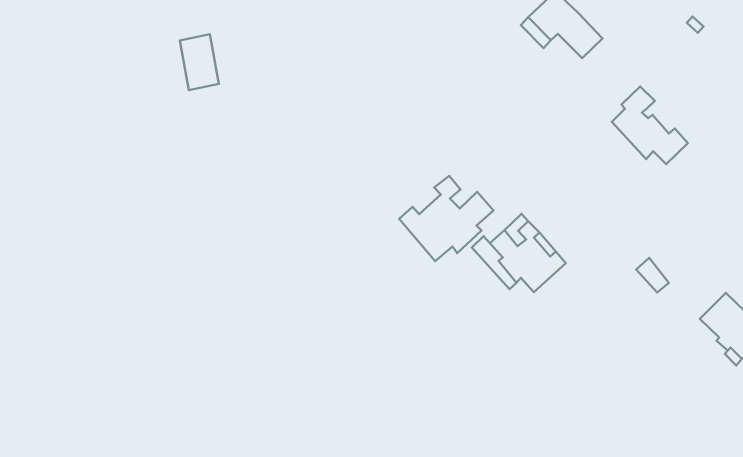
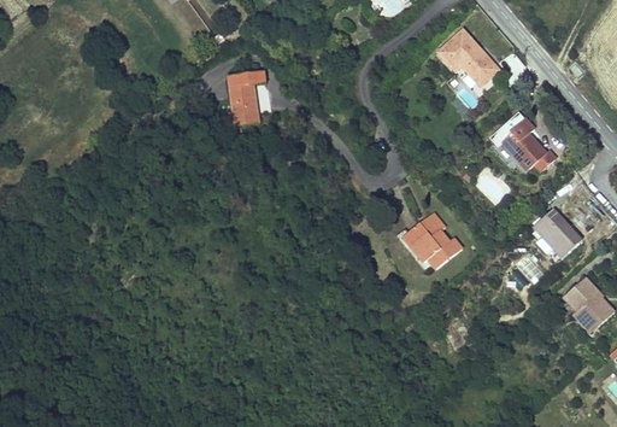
building: [180,34,219,90] -> [227,81,255,124]
building: [399,176,494,261] -> none
building: none -> [533,210,583,262]

